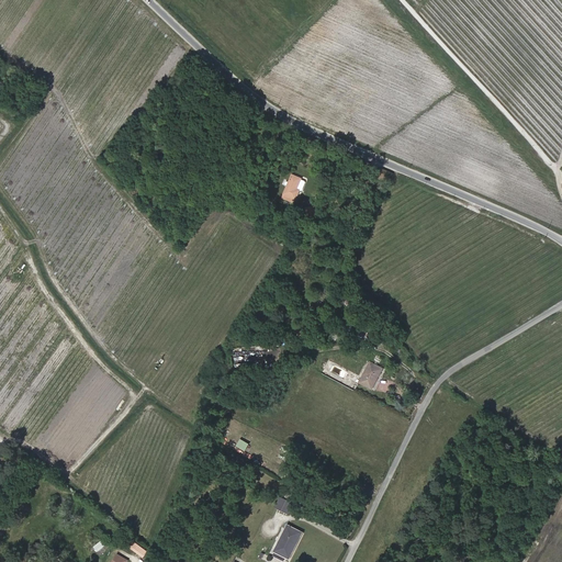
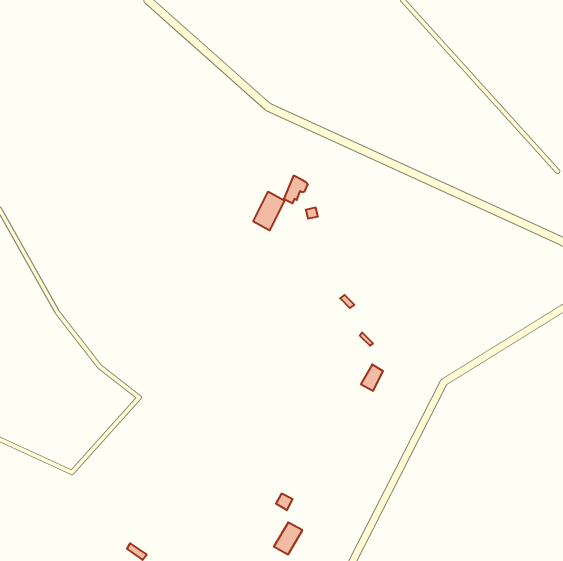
building: none -> [253,192,284,230]

